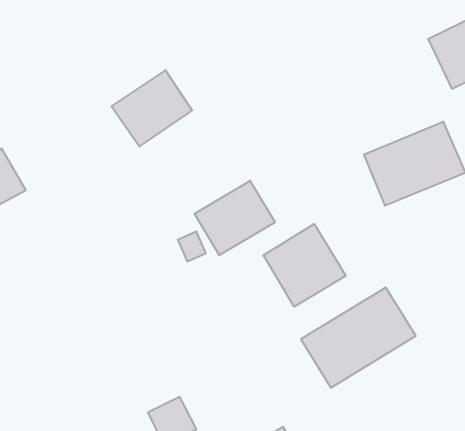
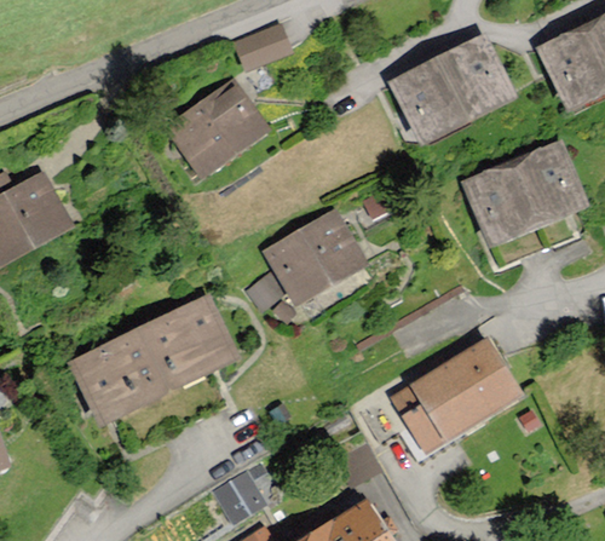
building: none -> [235,27,287,68]
building: none -> [392,38,509,138]
building: [263,224,346,307] -> none
building: none -> [75,298,234,420]

